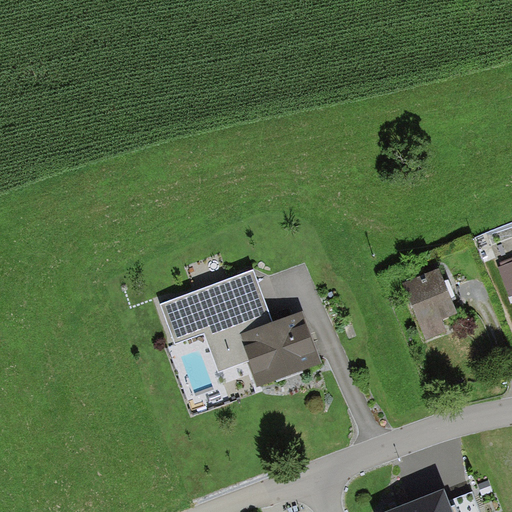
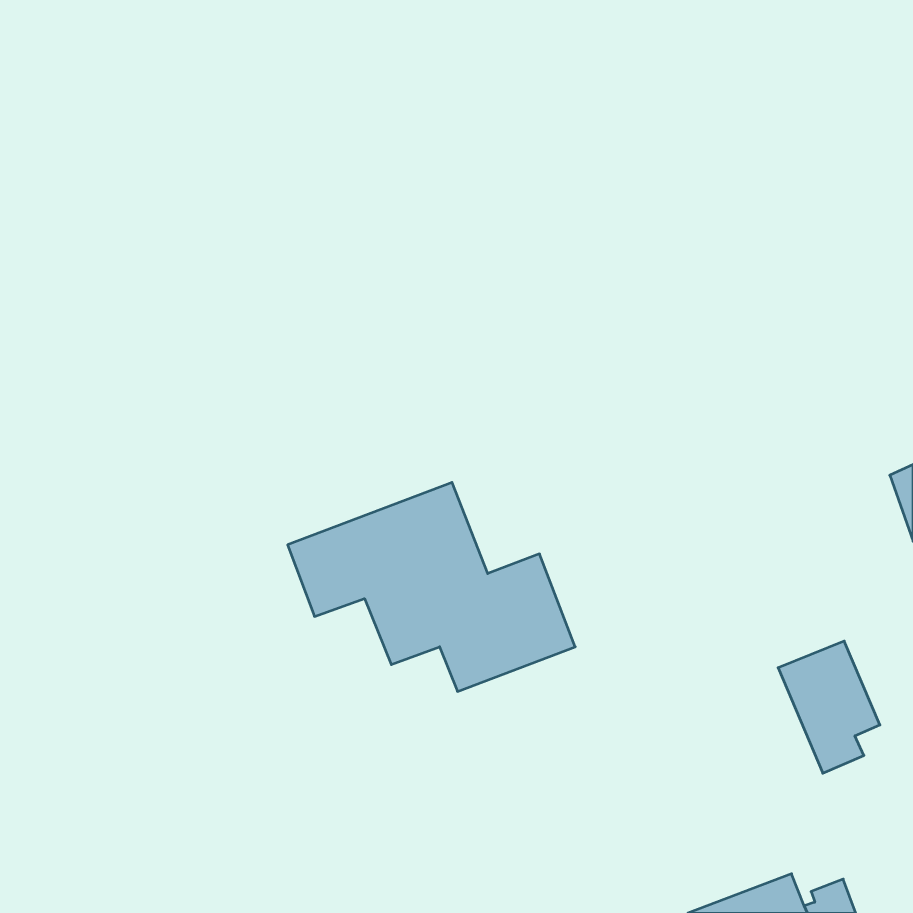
building: [400,267,457,341] -> [778,641,880,773]

